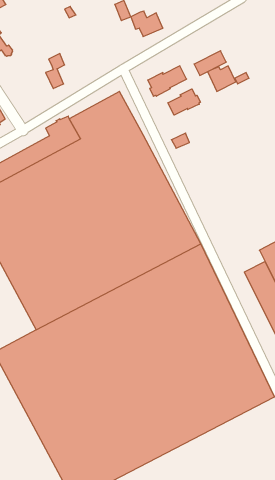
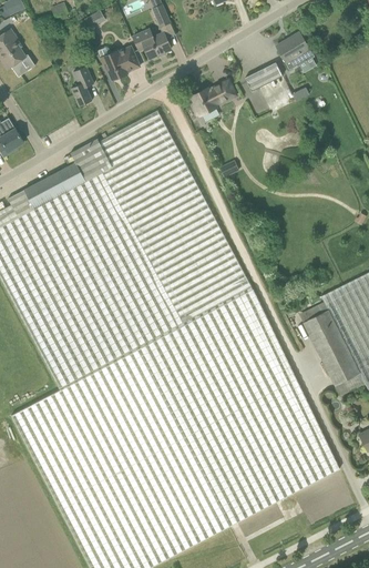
building: [131,11,163,37] -> [134,29,172,59]
building: none -> [276,32,314,69]
building: none -> [96,45,140,80]
building: [168,89,200,115] -> none

